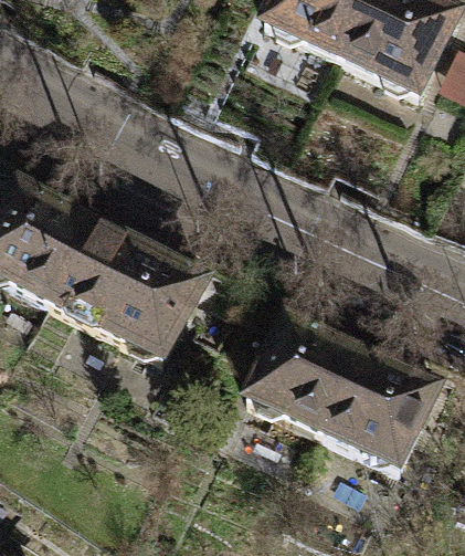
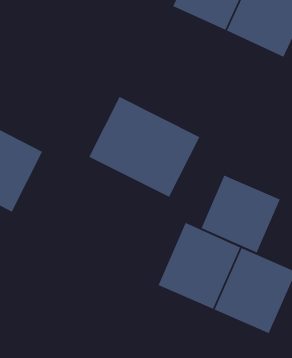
building: [52,224,204,363] -> [88,96,201,198]
building: none -> [200,174,281,253]

